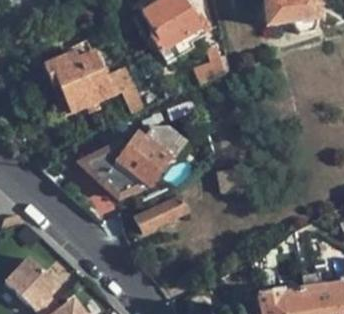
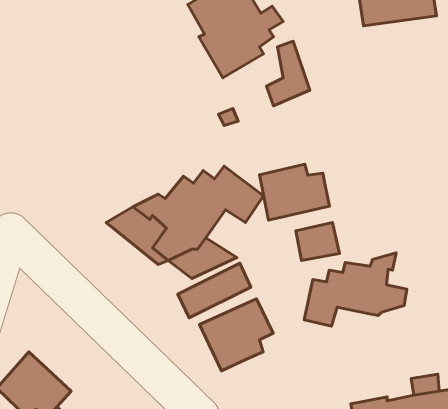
building: [44,50,145,112] -> none
building: none -> [260,164,330,220]
building: none -> [304,253,407,326]
building: none -> [200,299,273,371]

